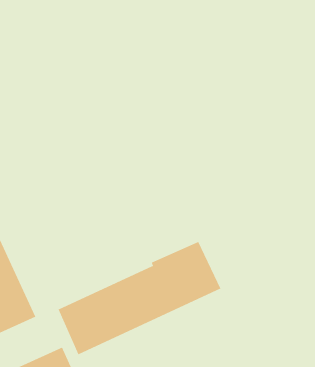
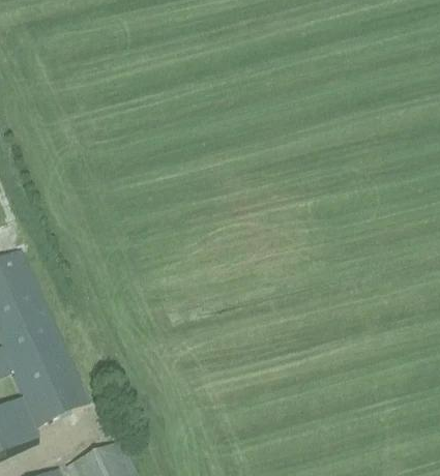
building: [58,241,221,355] -> none

